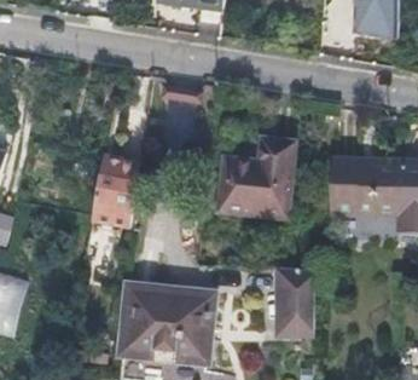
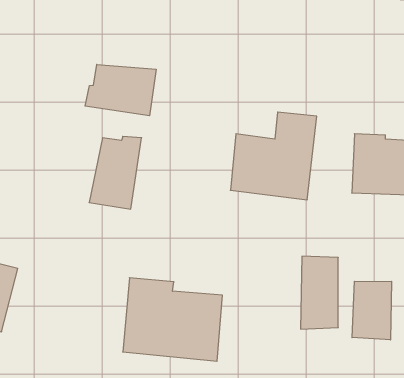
building: none -> [85,64,156,116]
building: none -> [352,281,392,340]

